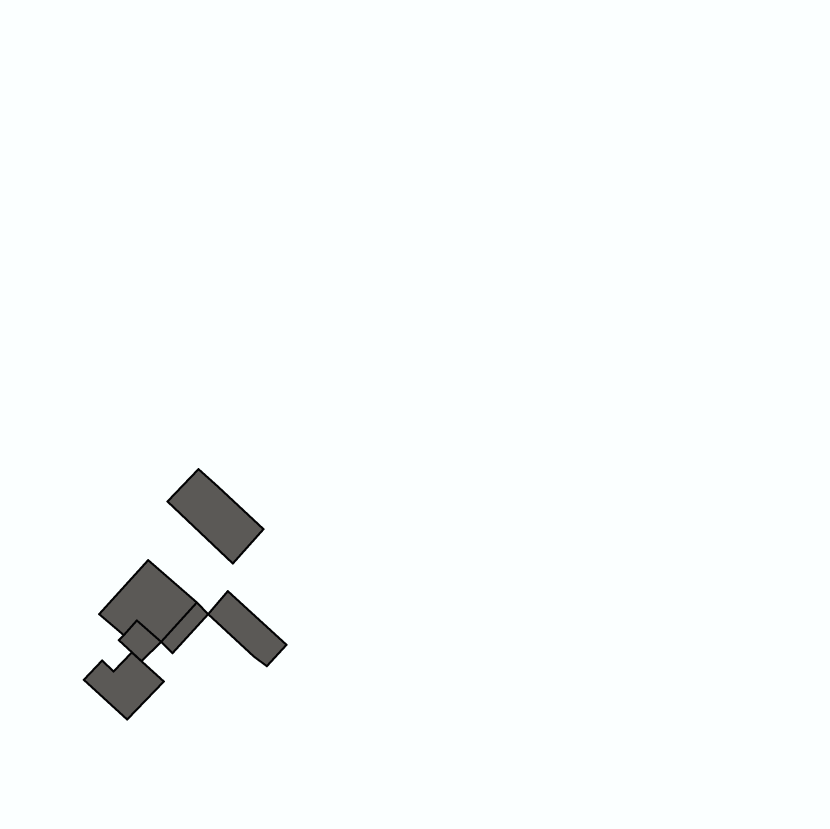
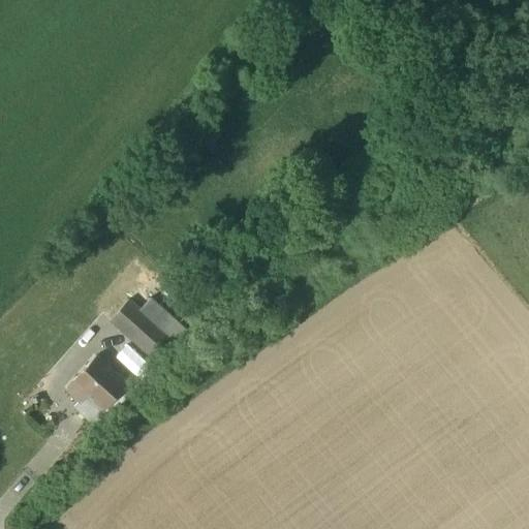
building: [208,591,286,666] -> [139,294,189,342]
building: [84,652,164,720] -> none

